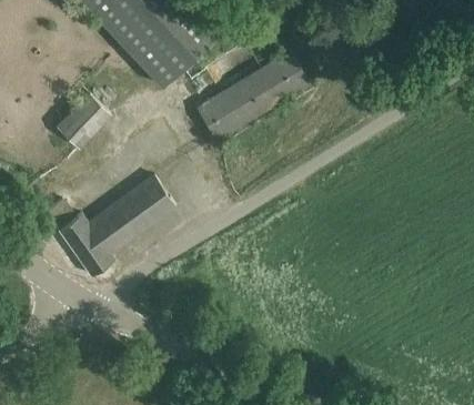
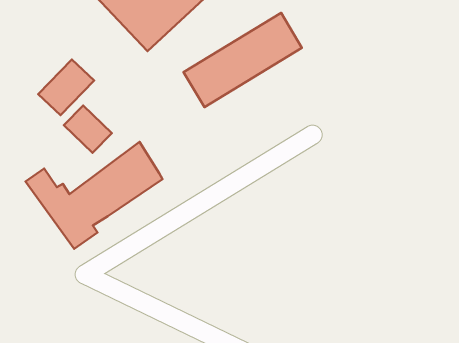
building: none -> [64,105,112,153]

